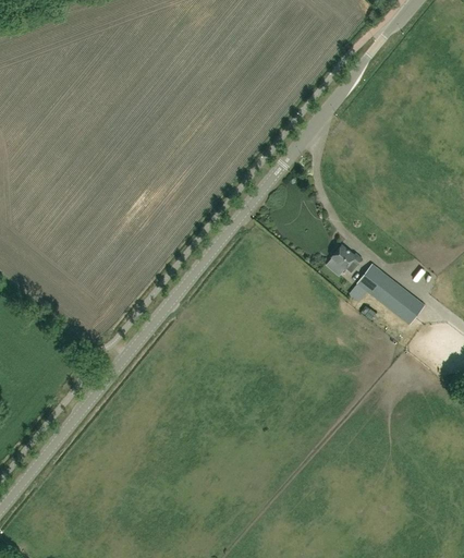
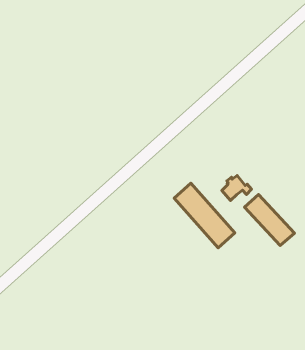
building: none -> [174,183,235,248]

